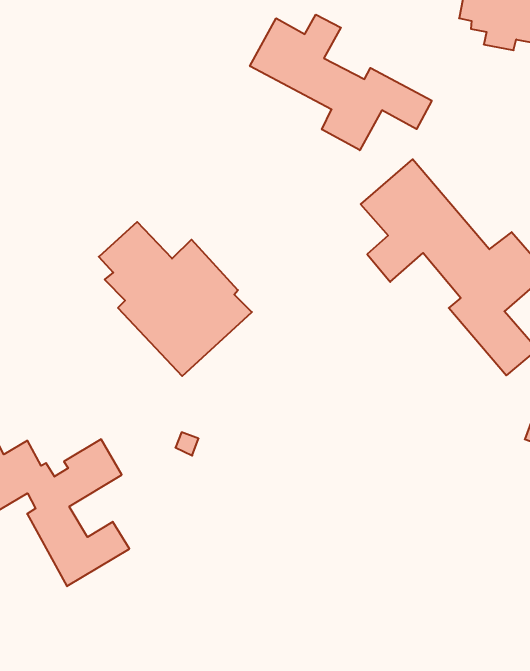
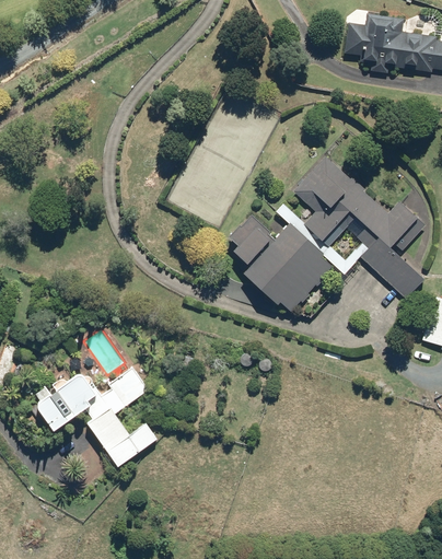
building: [250,15,432,150] -> none
building: [99,222,252,376] -> [225,211,334,314]

